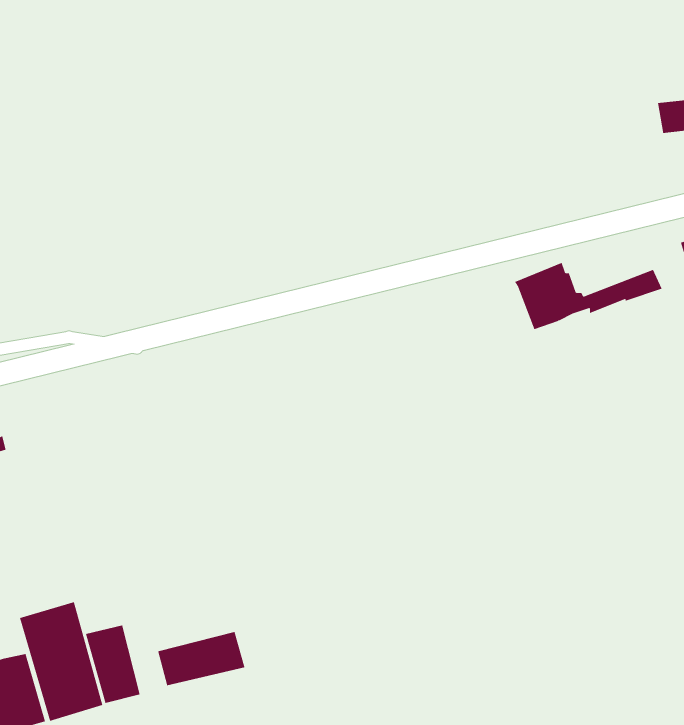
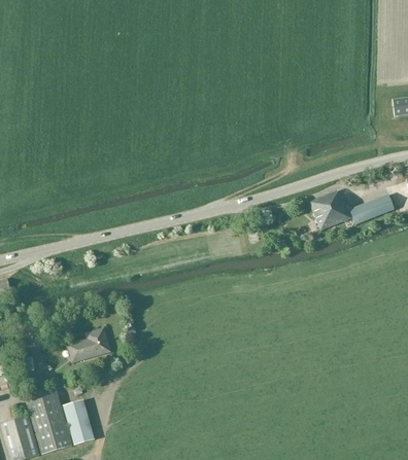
building: none -> [66,327,110,363]
building: [157,631,245,686] -> none

